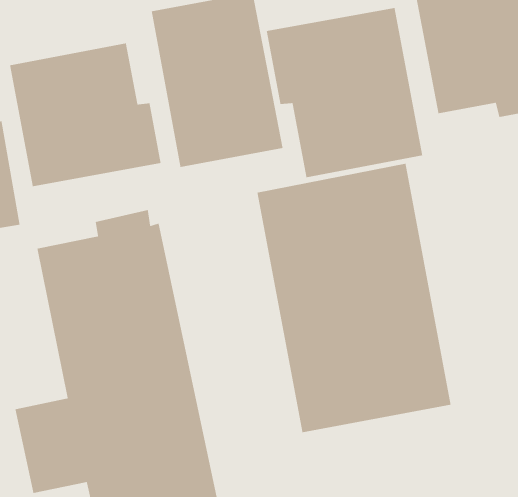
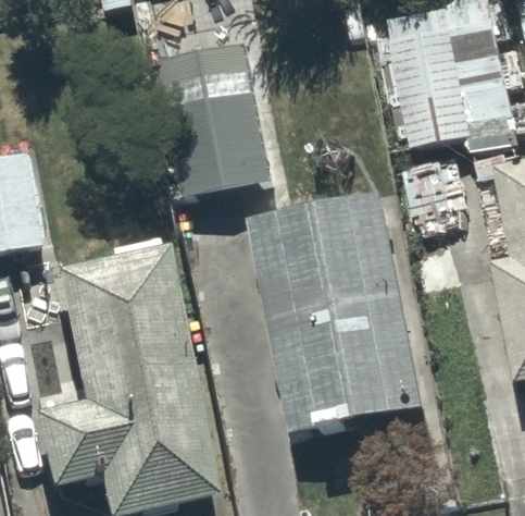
building: [266,7,423,178] -> none
building: [9,42,162,187] -> none

